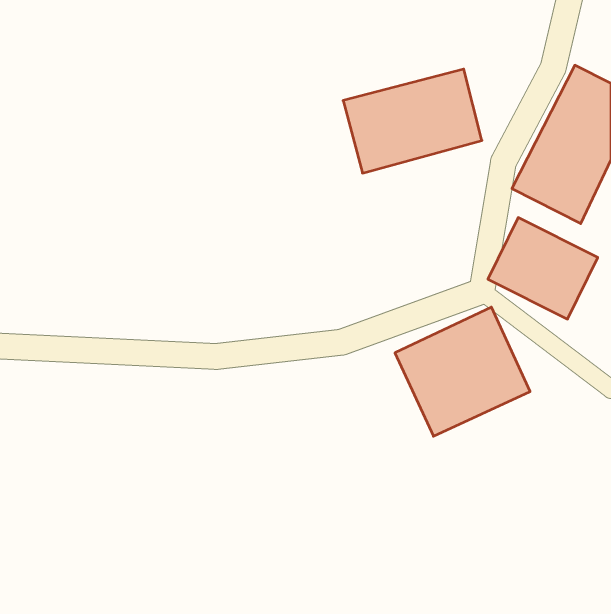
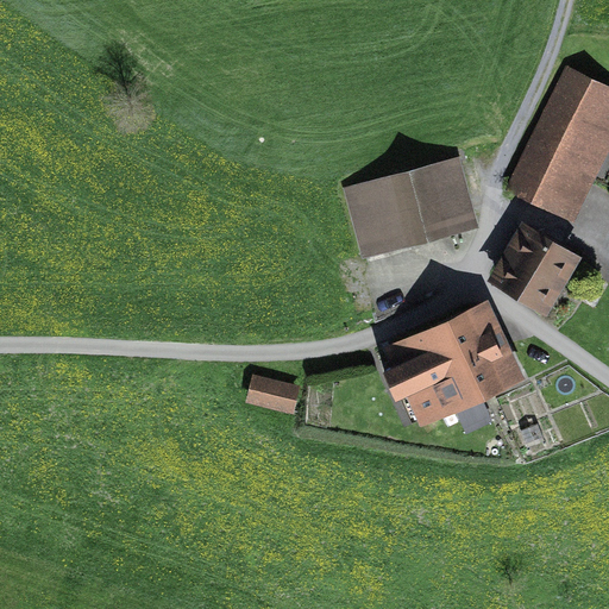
building: [343,69,482,173] -> [343,157,479,259]
building: none -> [247,373,304,414]

